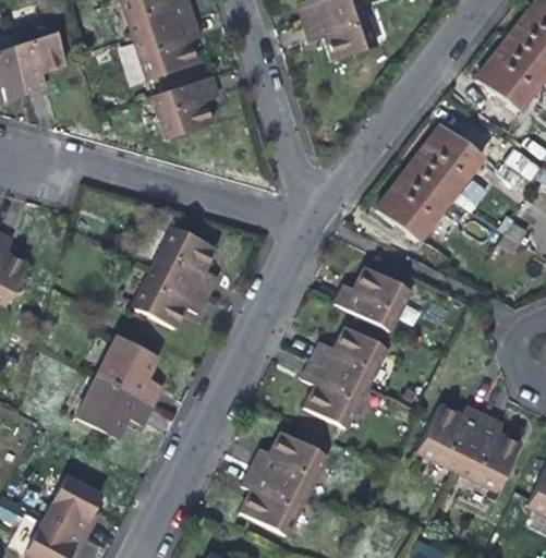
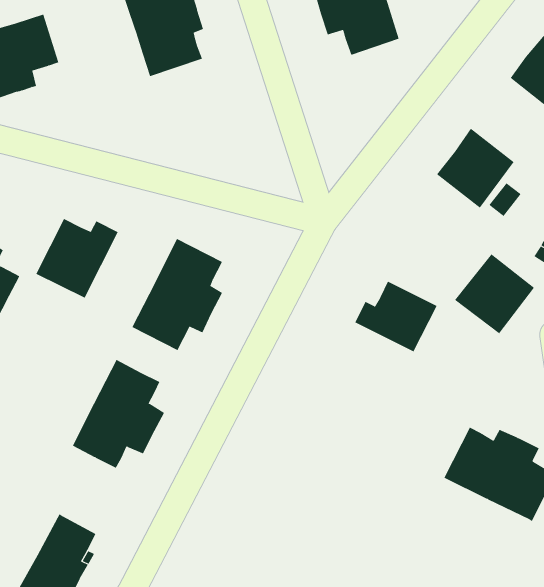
building: [151,72,217,135] -> none
building: [377,167,451,241] -> [454,253,535,334]
building: none -> [36,218,119,298]
building: [304,327,389,430] -> none
building: [243,430,328,532] -> none

